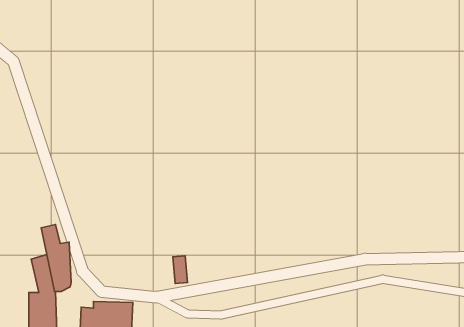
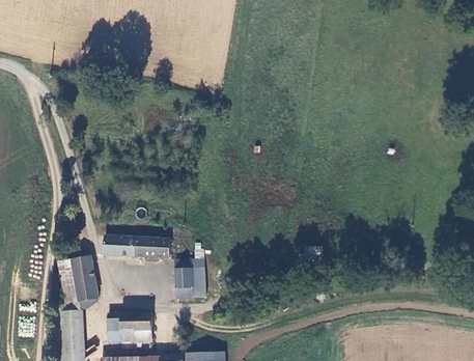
building: none -> [104,234,170,260]
building: none -> [174,258,195,299]

